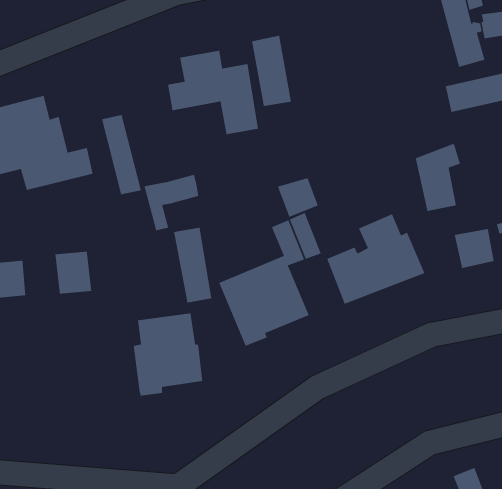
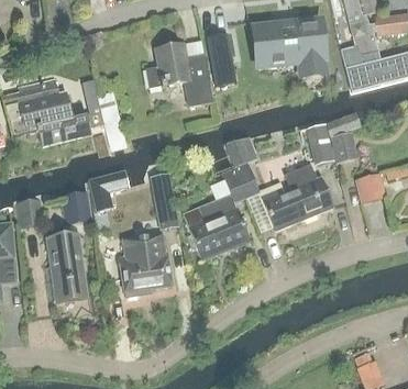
building: none -> [253,19,327,79]
building: none -> [307,124,334,164]
building: [144,174,199,231] -> [88,169,129,211]
building: none -> [45,237,86,300]

